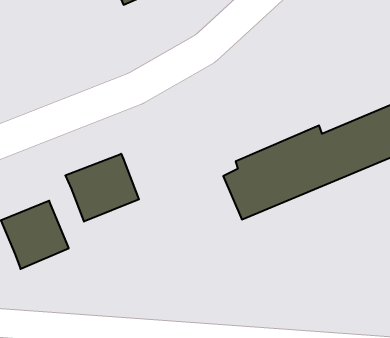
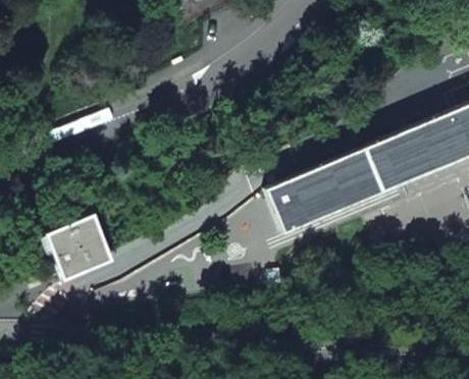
building: [65,154,139,222] -> none

